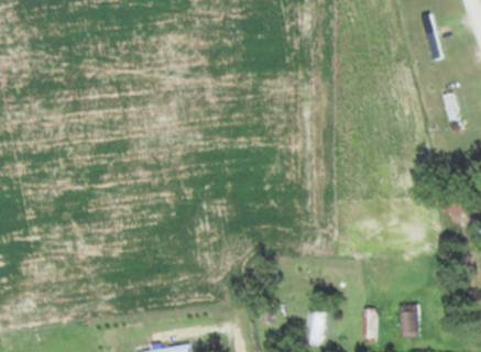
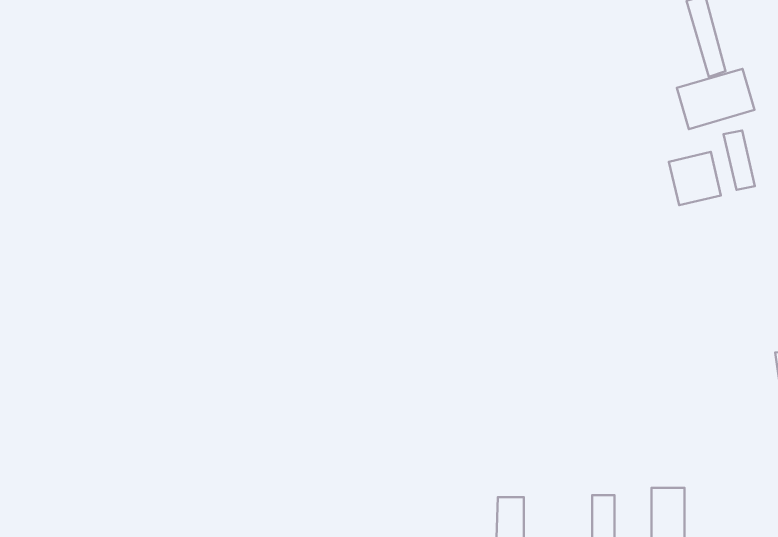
building: none -> [677,69,755,129]
building: none -> [669,152,721,205]

